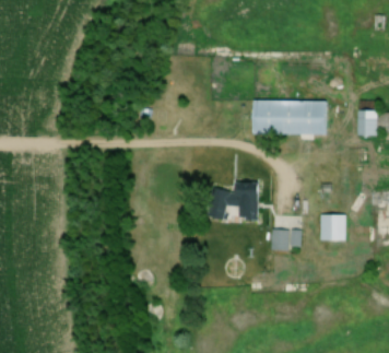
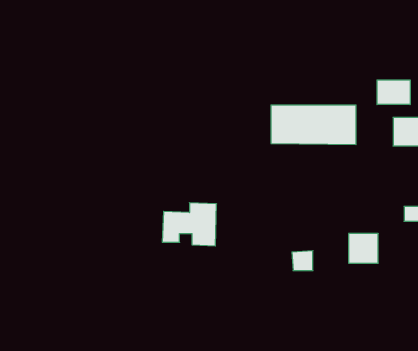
building: none -> [377,80,410,105]
building: [211,183,259,221] -> [162,203,217,246]

